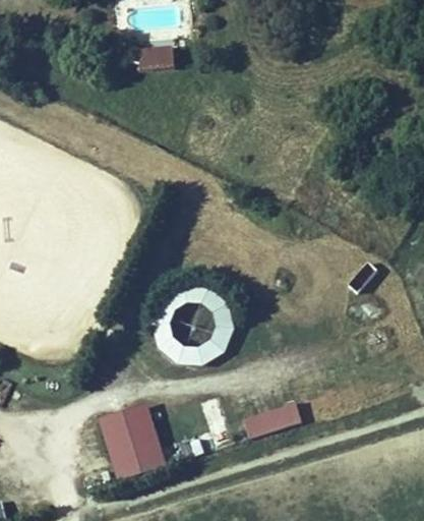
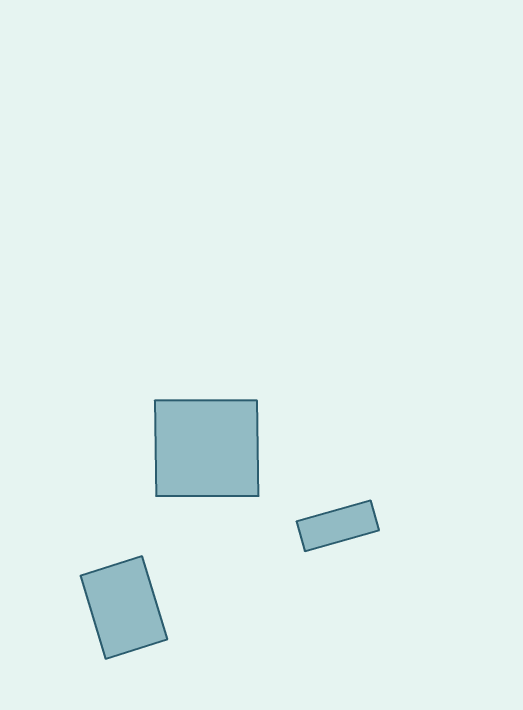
building: [137,45,175,72] -> none
building: [241,403,301,440] -> [296,501,379,551]

